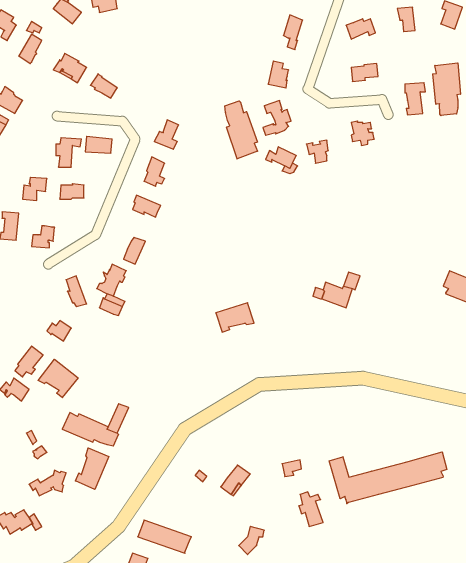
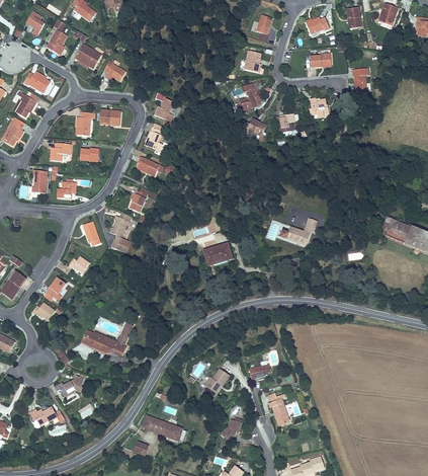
building: [433,63,460,116] -> none
building: [225,101,258,159] -> none
building: [38,359,78,398] -> none
building: [75,448,109,489] -> none
building: [329,452,447,504] -> none

